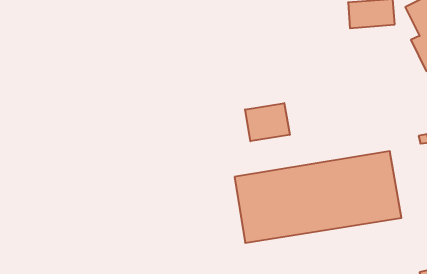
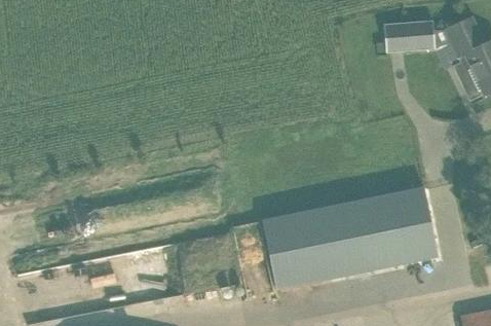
building: [245,103,290,141] -> none

